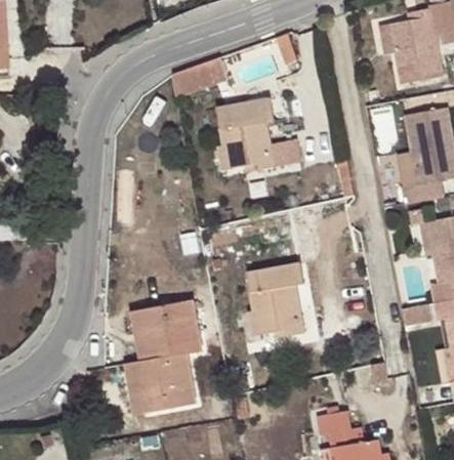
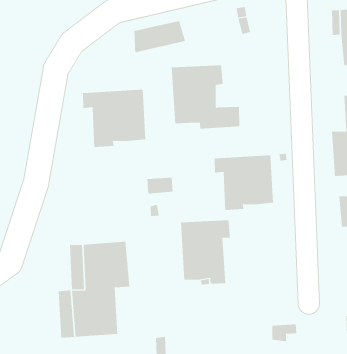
building: none -> [83,89,146,148]
building: none -> [214,154,273,211]

